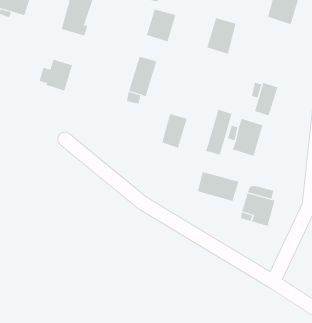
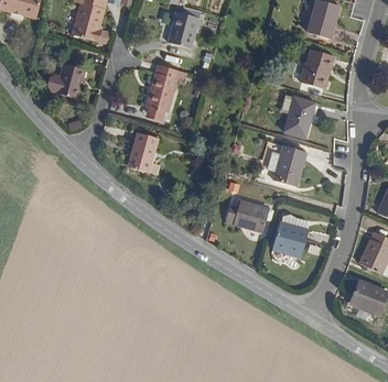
building: [206,17,236,55] -> [301,48,334,89]
building: [206,109,232,156] -> none
building: [161,113,187,149] -> [131,140,160,178]

